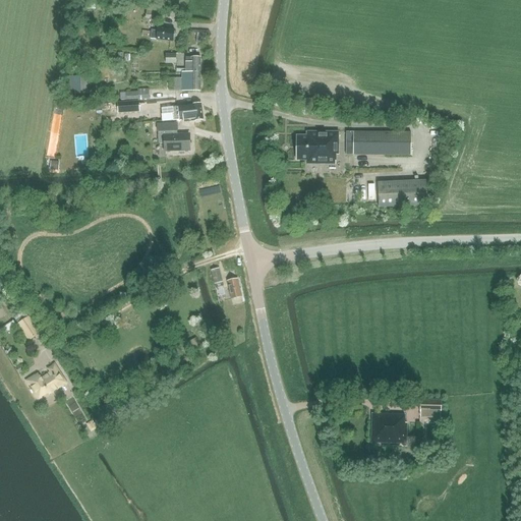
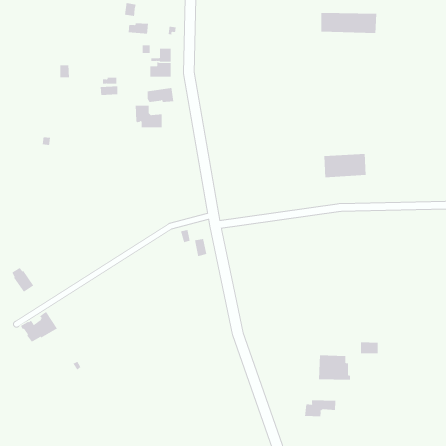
building: [296,129,338,162] -> none
building: [345,130,411,155] -> [320,13,377,34]
building: none -> [304,399,336,417]

